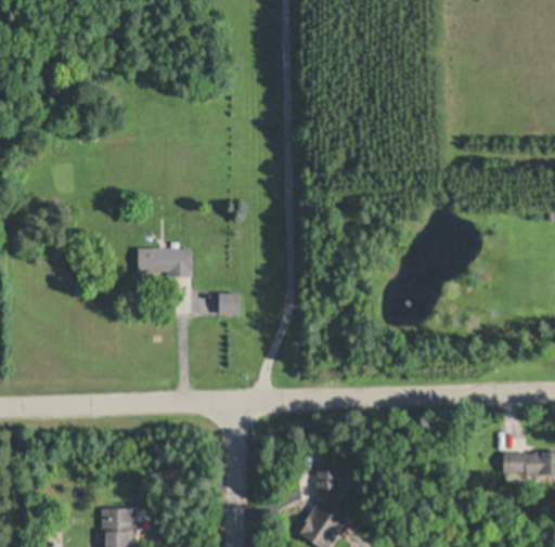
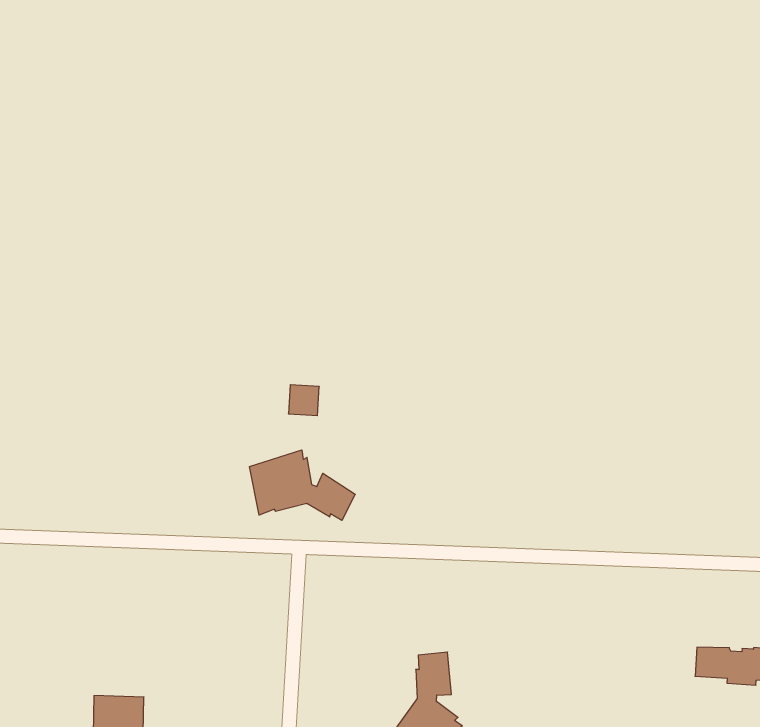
building: [138,249,191,277] -> none
building: none -> [249,450,355,520]

